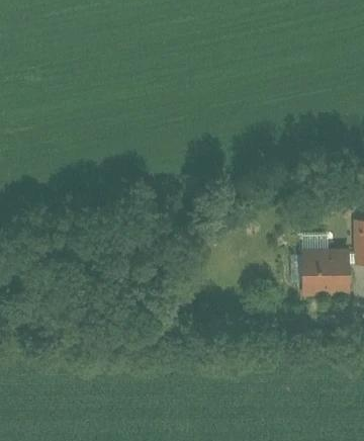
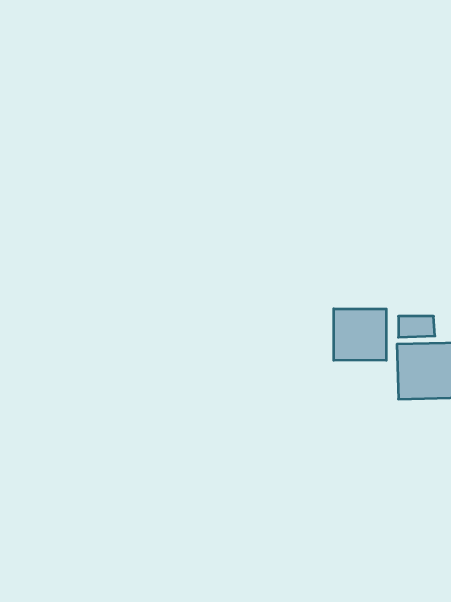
building: none -> [334,309,386,360]

